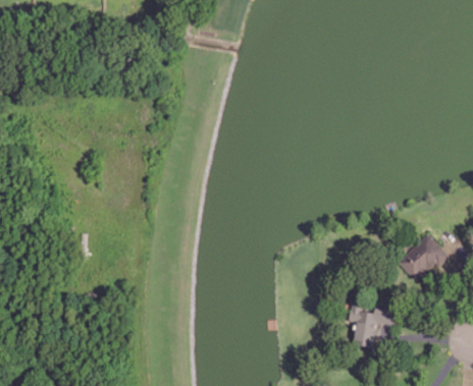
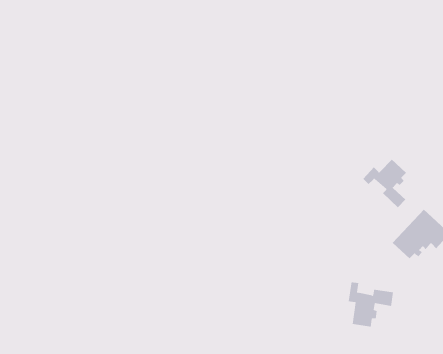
building: none -> [362,159,407,208]

